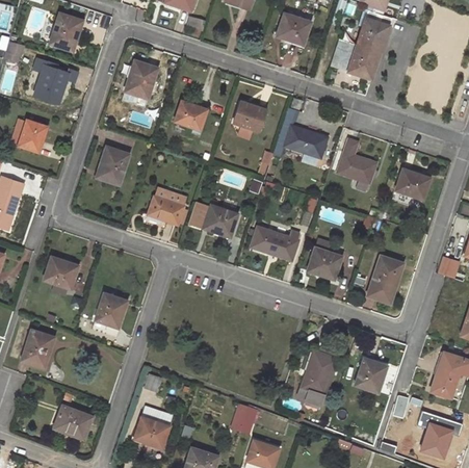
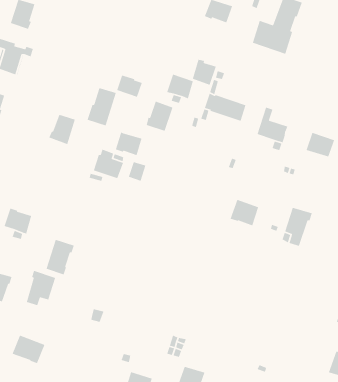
building: [121,61,156,107] -> [86,87,117,126]
building: none -> [192,59,217,86]
building: none -> [146,101,174,132]
building: [204,205,236,234] -> [115,131,143,156]
building: [252,227,299,259] -> none
building: none -> [26,270,56,306]
building: [298,344,338,401] -> none
building: [355,358,385,392] -> none
building: [135,407,172,447] -> none

